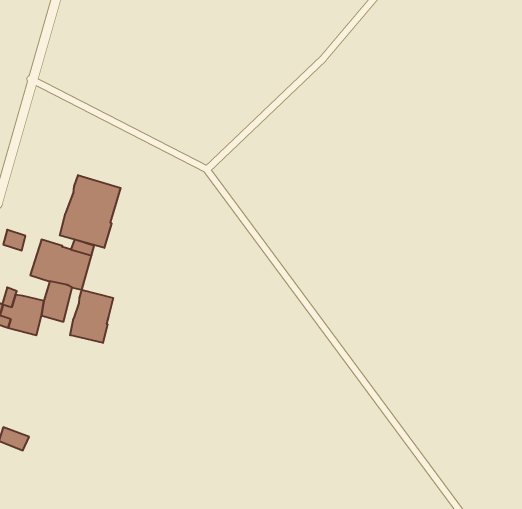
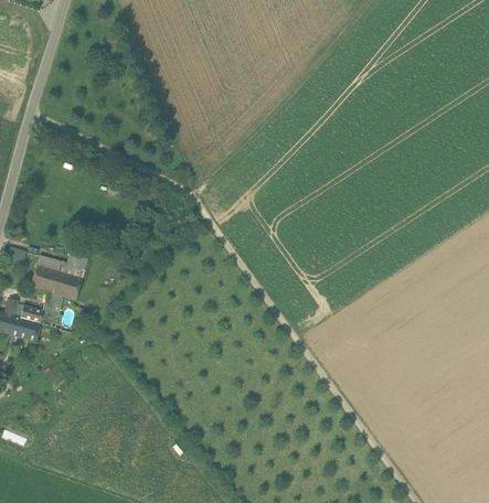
building: [60,175,121,248] -> none
building: [70,290,113,343] -> none

